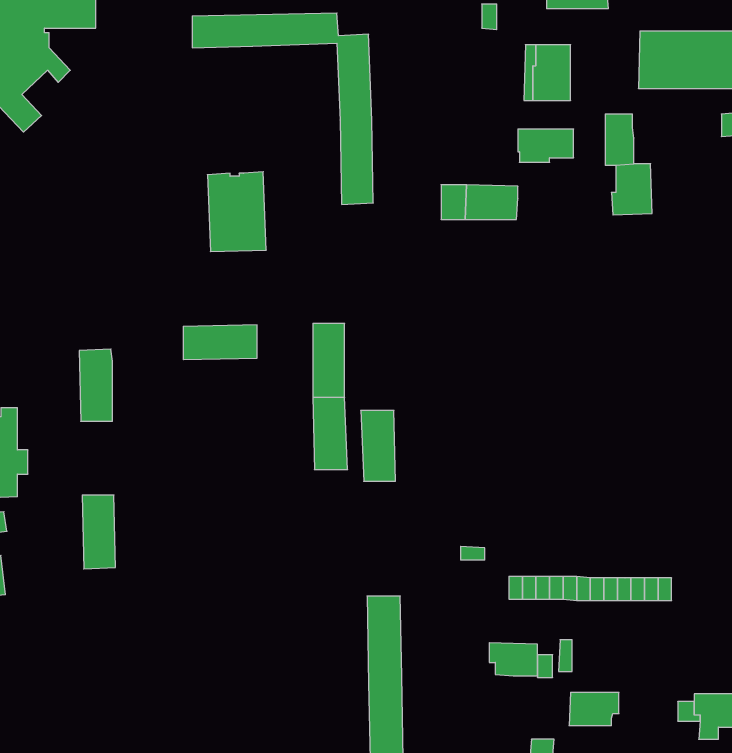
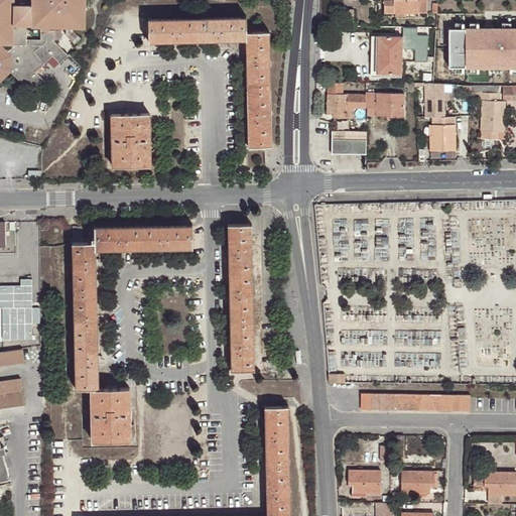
building: none -> [327,86,367,121]
building: none -> [471,88,505,141]
building: [207,172,266,252] -> [112,114,151,167]
building: none -> [95,228,143,251]
building: [361,410,395,481] -> [231,324,254,371]
building: none -> [75,291,97,341]
building: none -> [91,389,131,442]
building: [489,643,537,676] -> [349,472,381,494]

